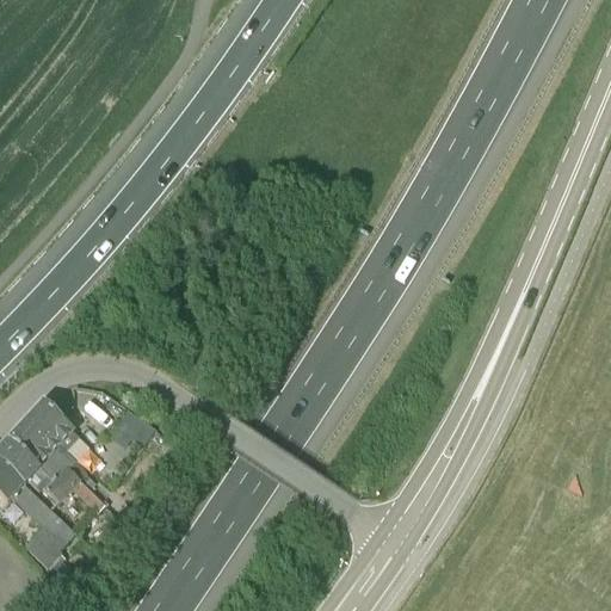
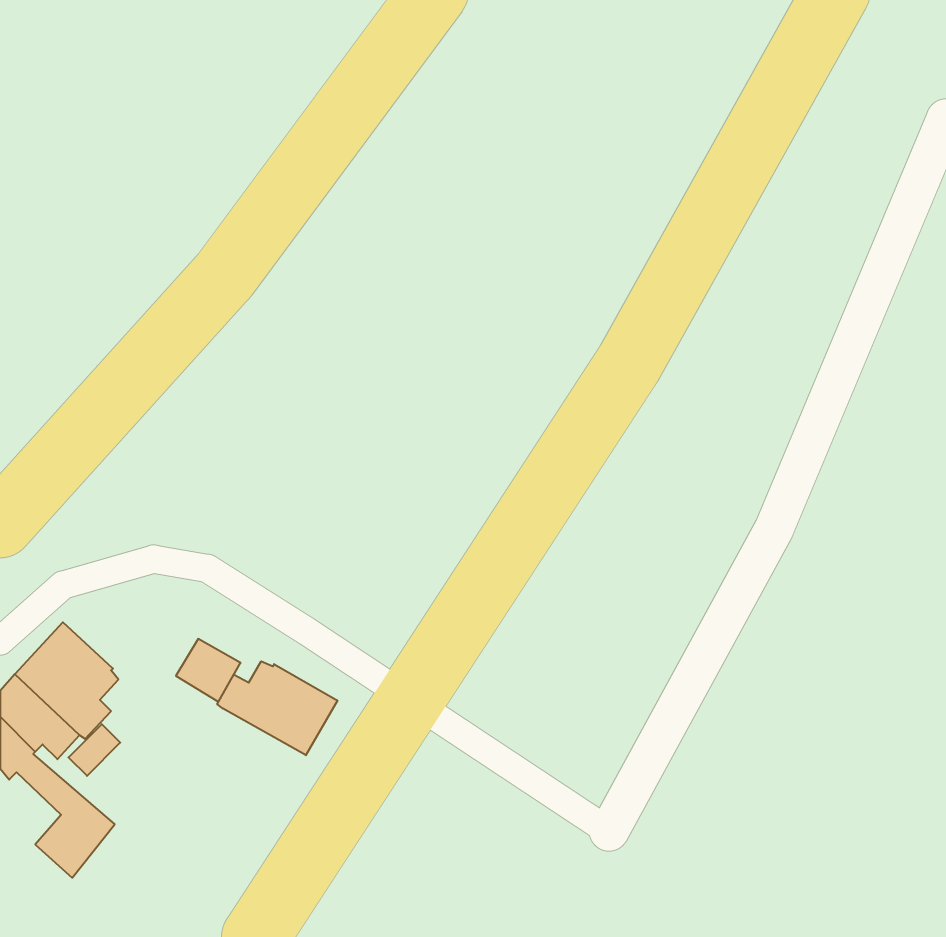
building: none -> [217,661,337,755]

